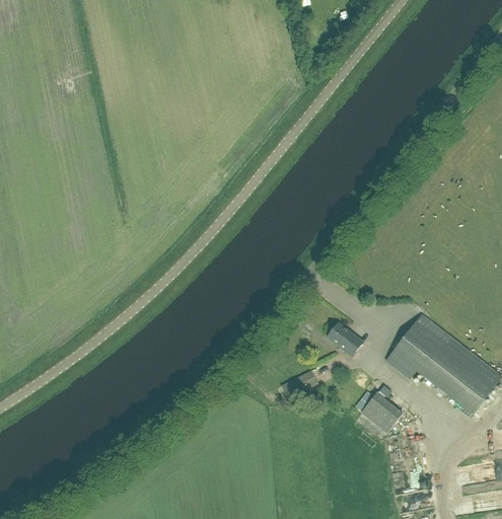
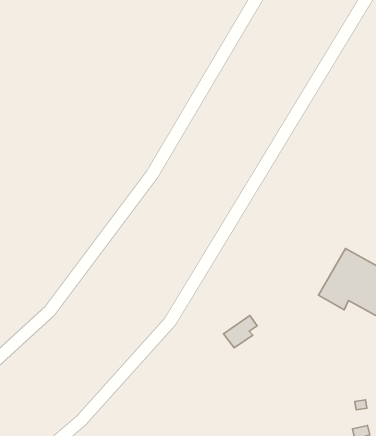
building: [326,322,362,355] -> none
building: [361,391,404,432] -> none

